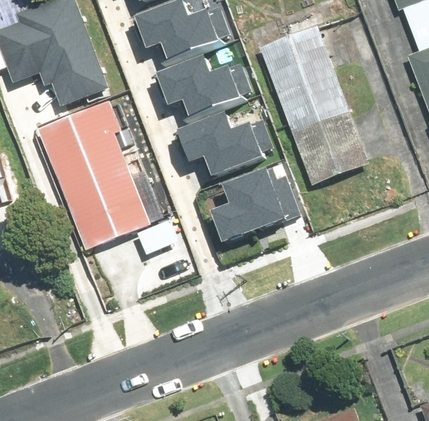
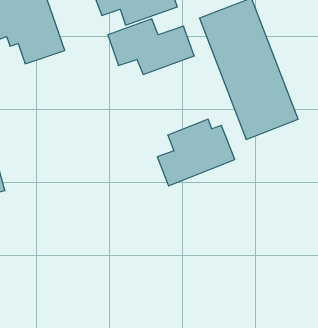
building: [38,104,153,254] -> none
building: [177,106,271,170] -> none

